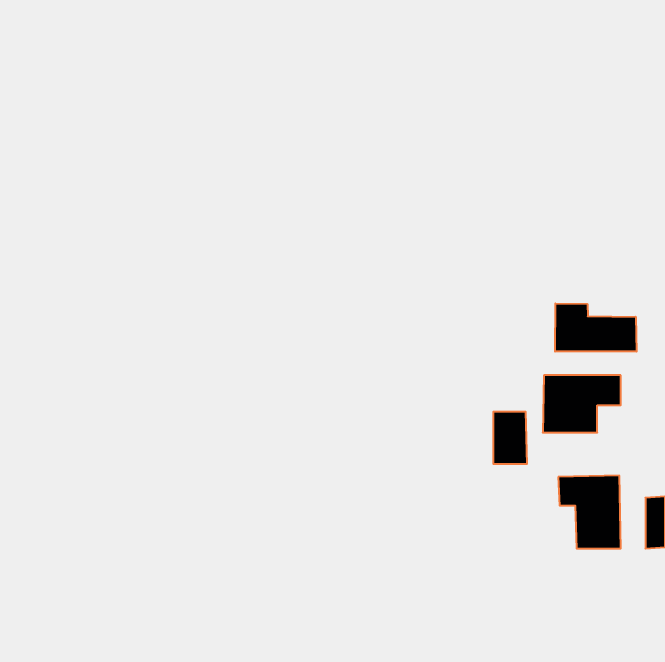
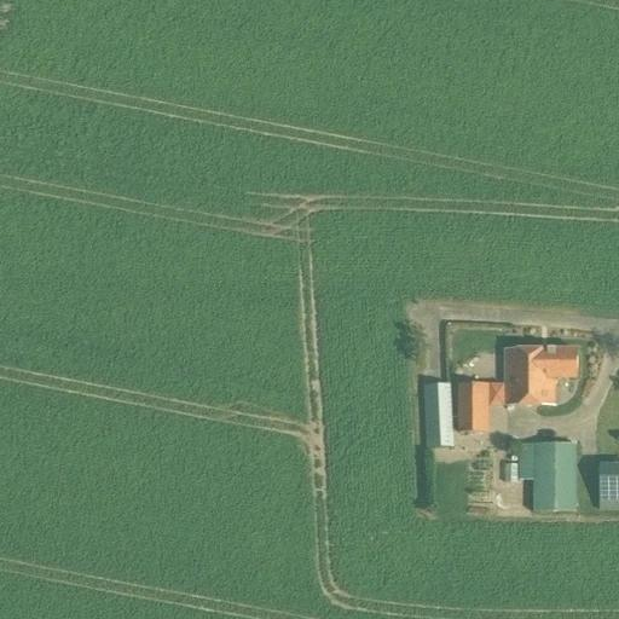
building: [555,303,637,352] -> none
building: none -> [423,382,453,447]

